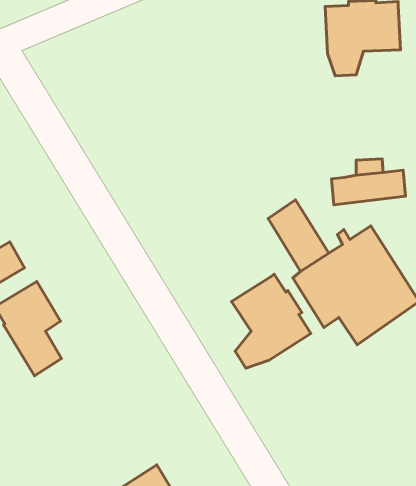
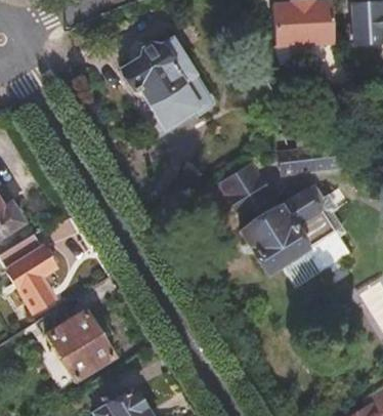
building: none -> [123,39,206,128]
building: [231,274,311,368] -> none
building: none -> [40,297,115,381]

